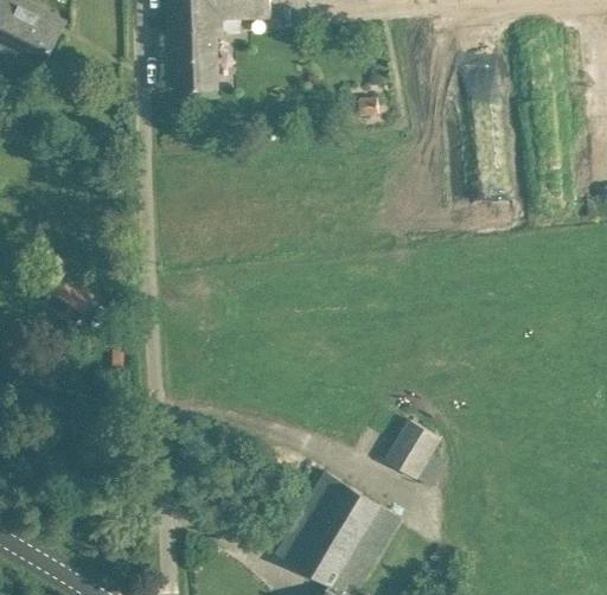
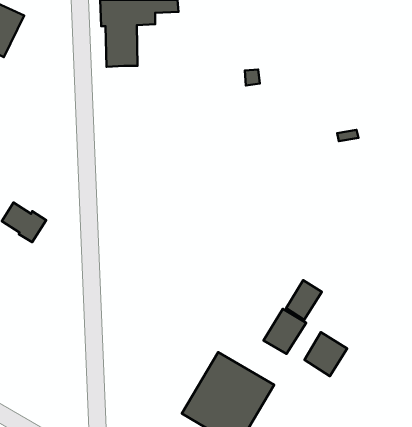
building: none -> [286,280,322,320]
building: none -> [304,332,347,376]

